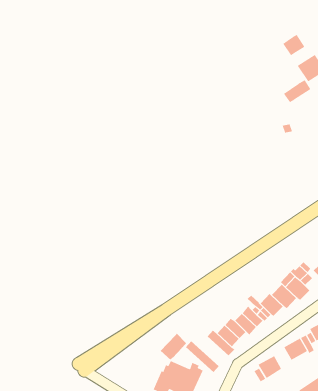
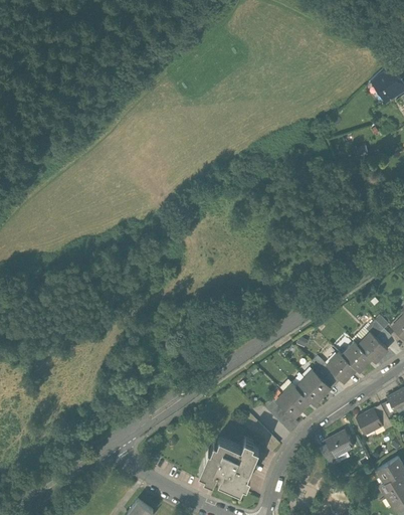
building: [282,34,305,56] -> none
building: [283,79,311,103] -> none
building: [160,333,187,360] -> none

